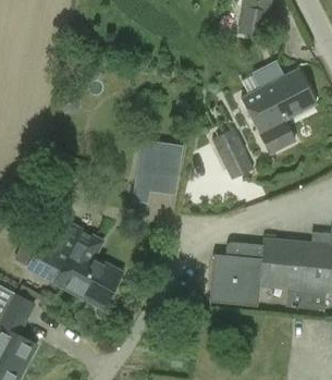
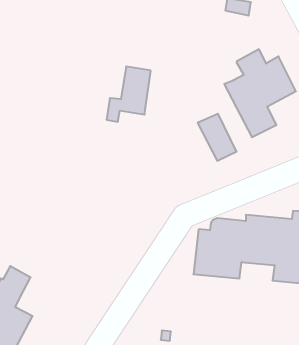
building: [134,142,181,200] -> [107,67,151,122]
building: [14,222,119,306] -> none

